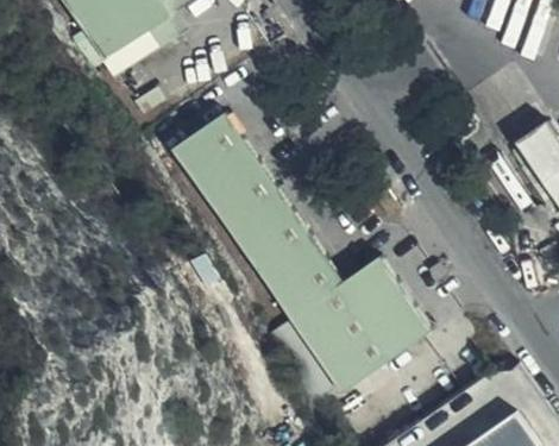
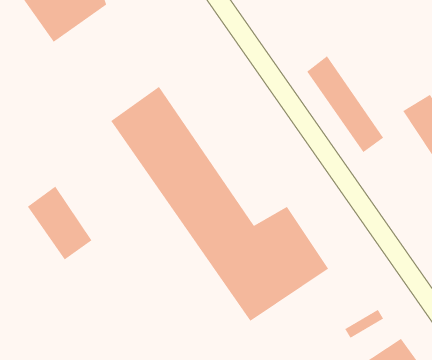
building: none -> [306,55,384,153]
building: none -> [27,186,93,261]

